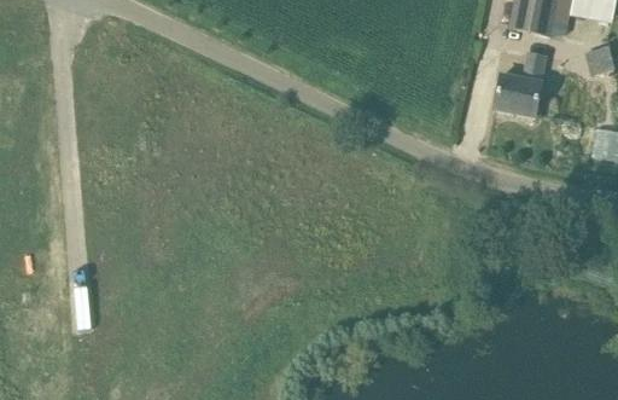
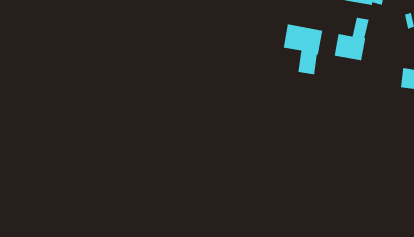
building: none -> [283,24,323,75]

